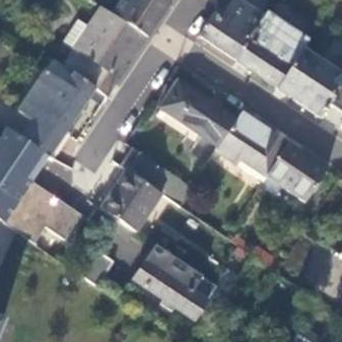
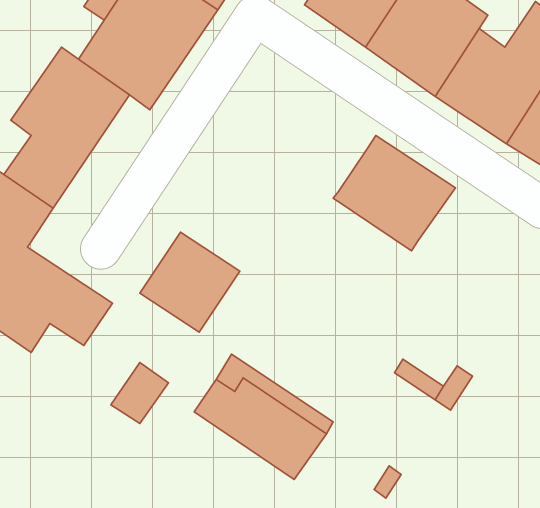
building: [157,82,236,147] -> none
building: [267,145,327,202] -> none
building: [122,150,193,208] -> none

